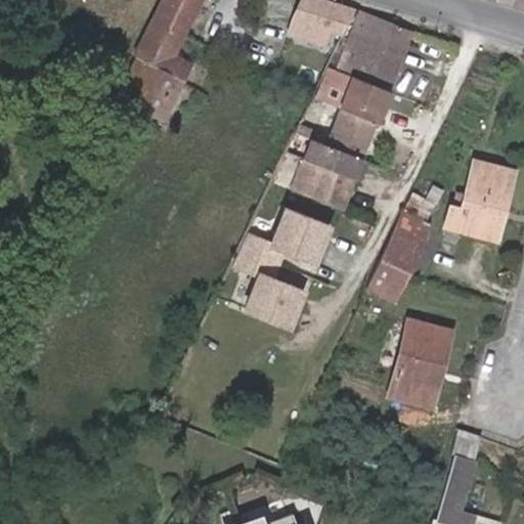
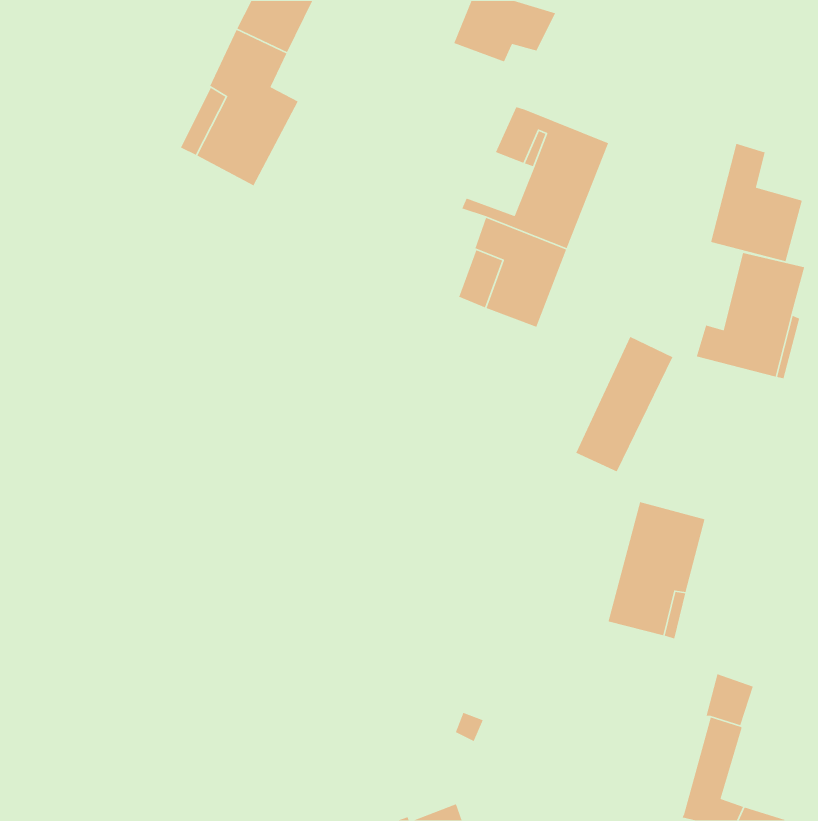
building: [337,10,414,91] -> none
building: none -> [710,143,803,262]
building: [232,209,328,325] -> none

